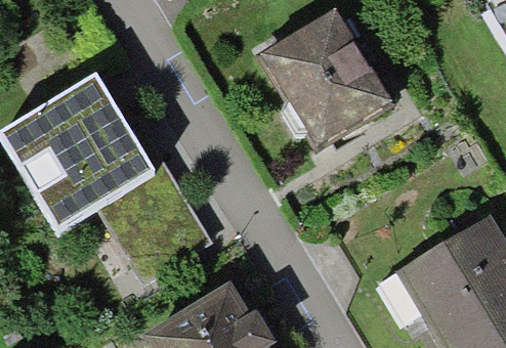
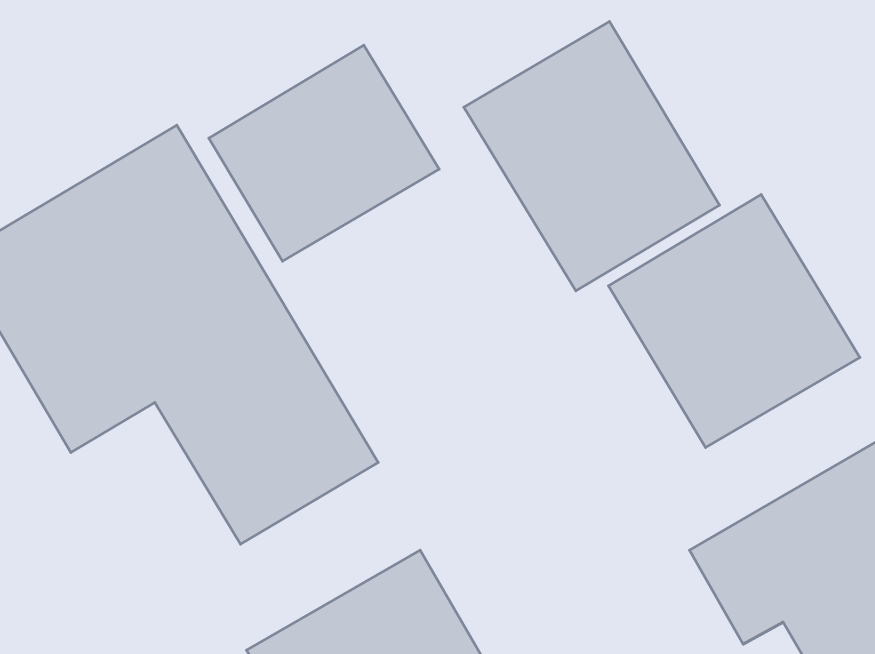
building: none -> [209,45,439,261]
building: none -> [609,194,860,448]

